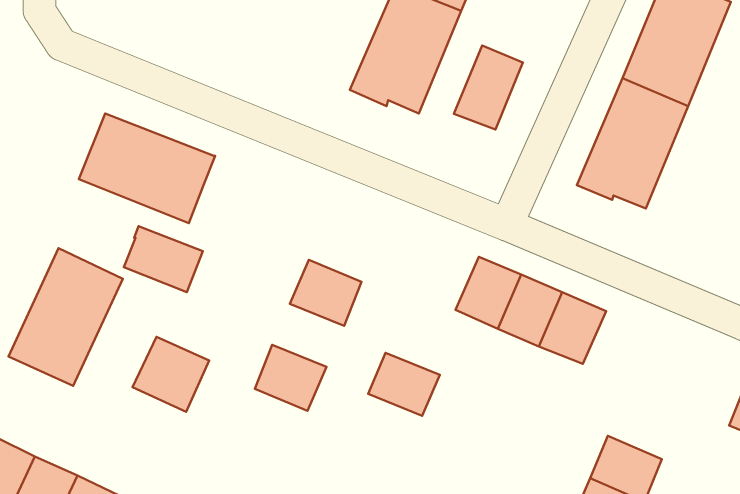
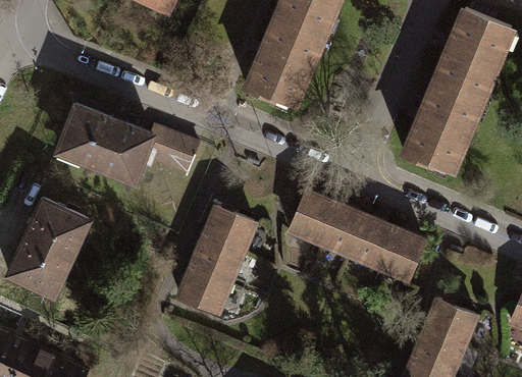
building: [454,45,523,130] -> none
building: [124,226,203,292] -> [144,126,199,172]
building: none -> [290,192,335,241]
building: [133,337,209,412] -> none
building: [368,353,440,416] -> [192,237,242,281]
building: none -> [425,300,476,345]

